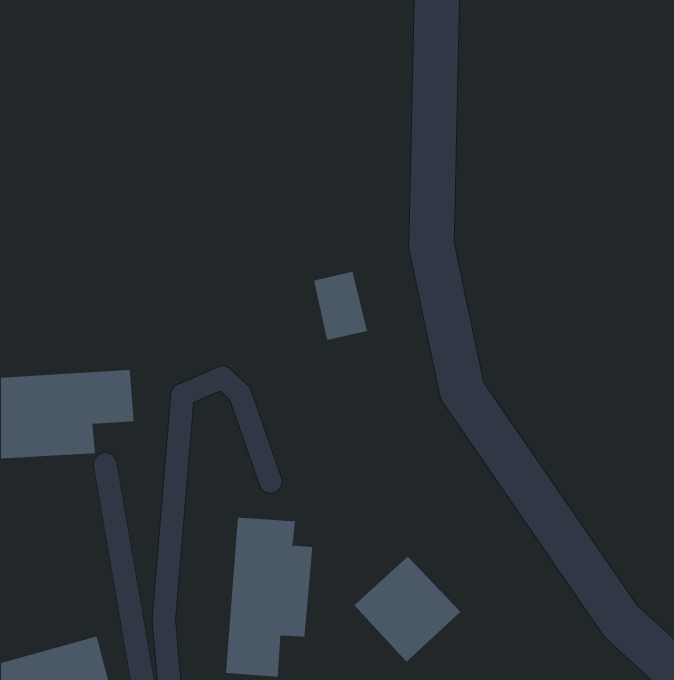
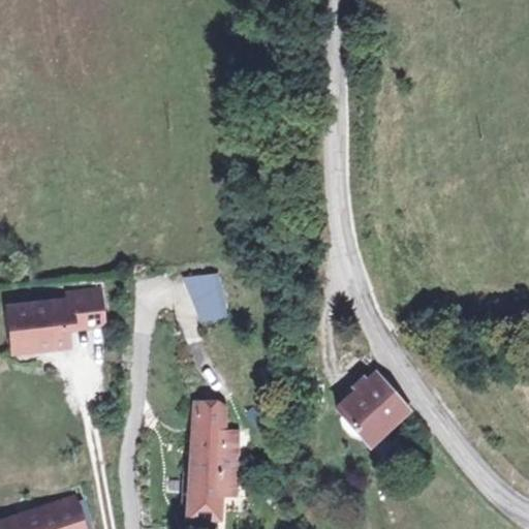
building: [313,271,368,341] -> [190,271,232,324]
building: [353,556,461,662] -> [330,369,413,452]

